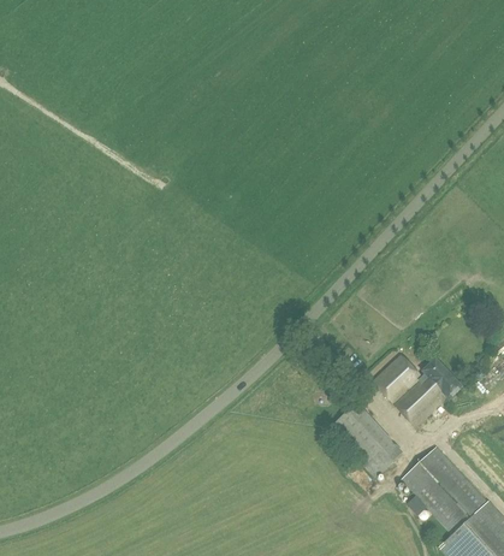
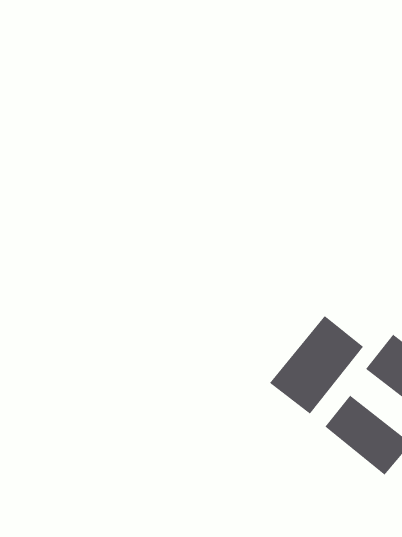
building: none -> [269,315,364,414]

